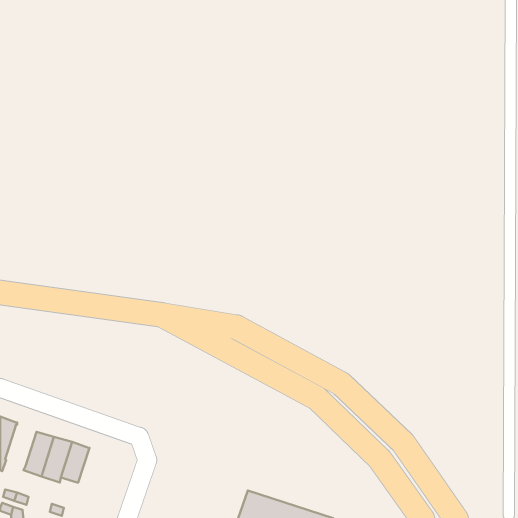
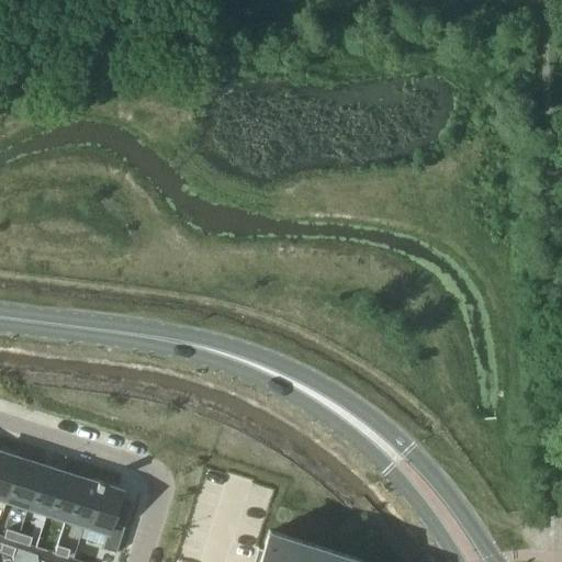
building: none -> [7,460,41,505]
building: none -> [83,480,124,553]

